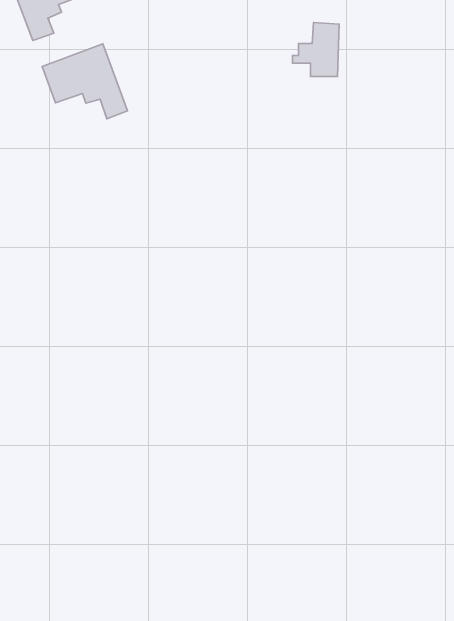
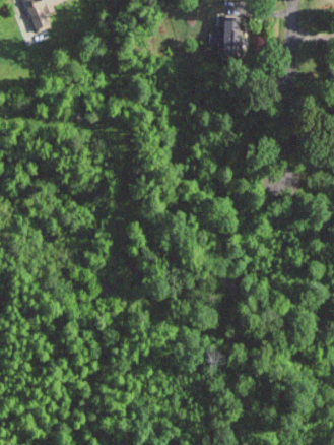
building: [42,44,127,119] -> none

